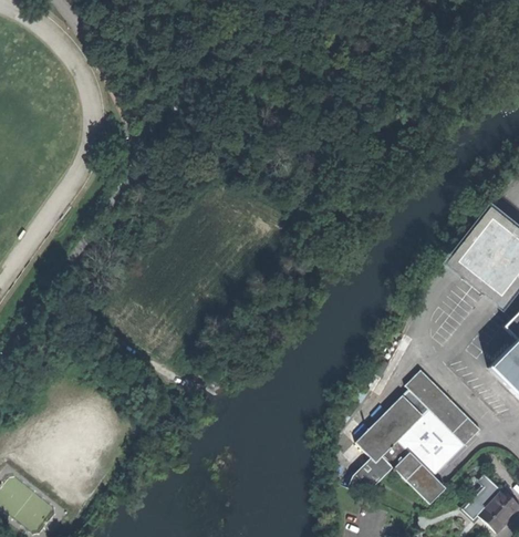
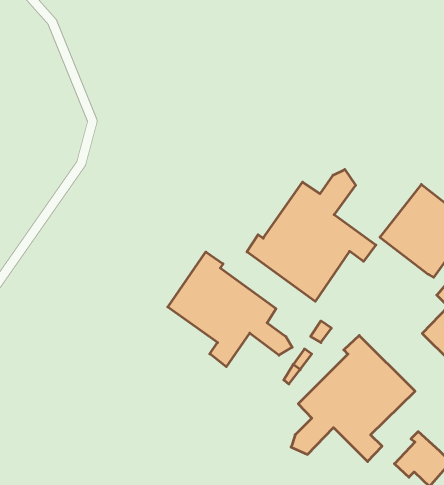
building: none -> [247,169,376,301]
building: none -> [168,252,292,367]

